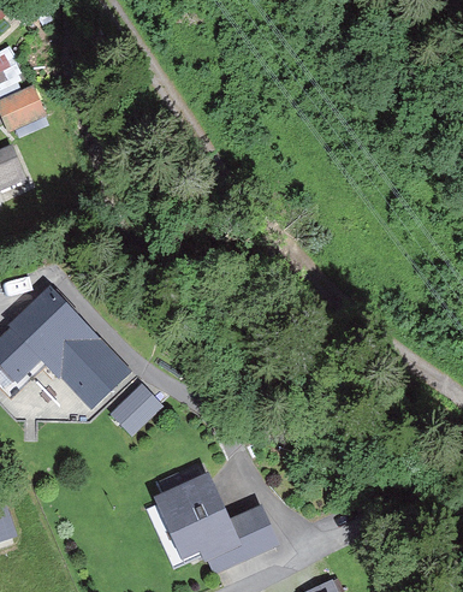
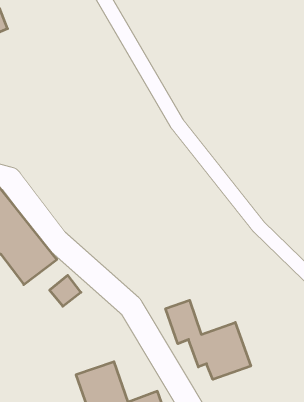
building: none -> [166,300,251,379]

